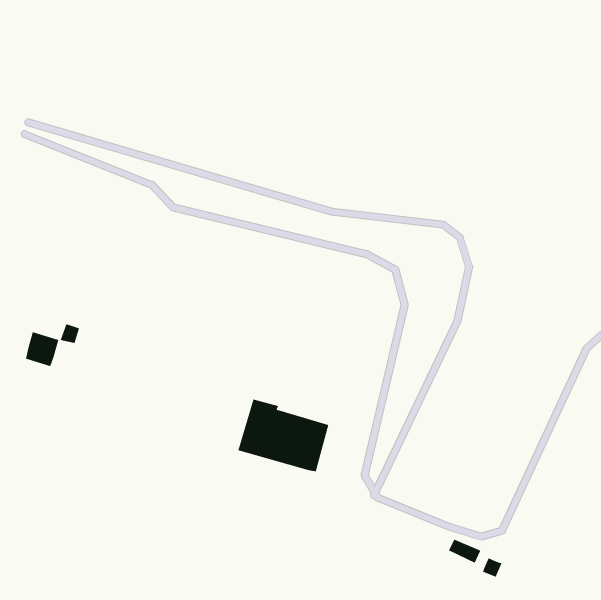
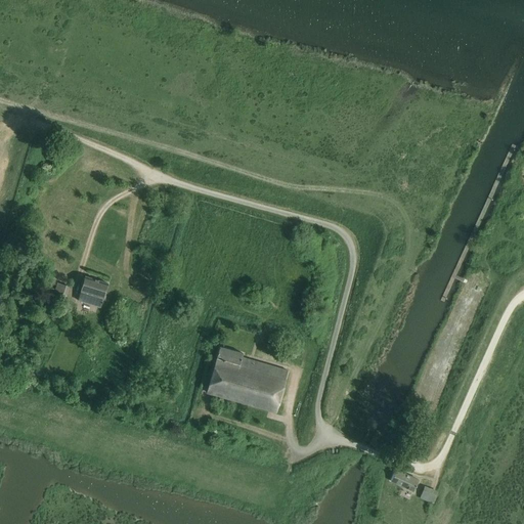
building: [25,332,59,367] -> [78,275,107,306]

